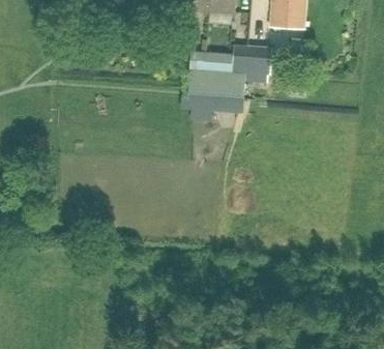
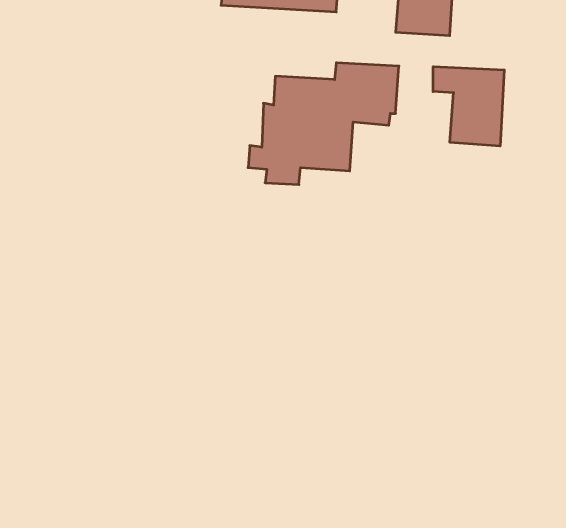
building: none -> [433,67,504,146]

